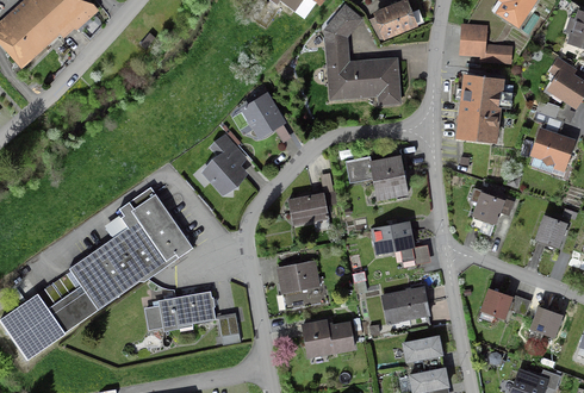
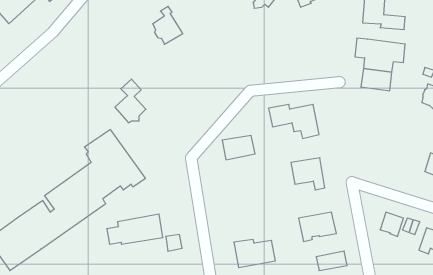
building: [327,40,398,102] -> none
building: [244,88,281,135] -> [153,6,183,44]
building: [204,136,242,189] -> [115,79,146,123]
building: [468,193,511,235] -> none
building: [274,249,327,310] -> none

